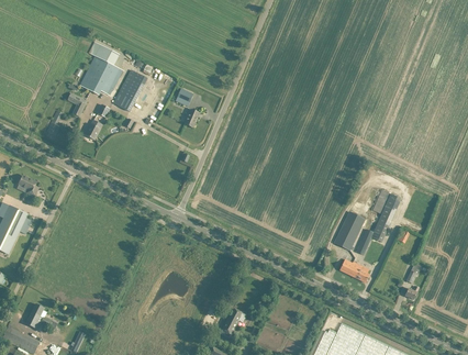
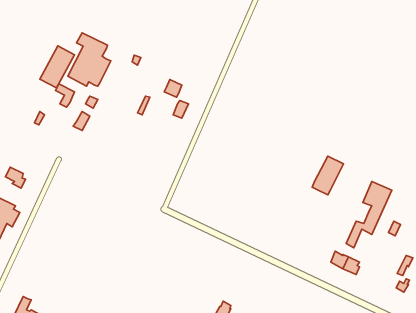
building: [112,69,146,111] -> [40,46,74,88]
building: [334,211,365,249] -> [312,156,343,195]

